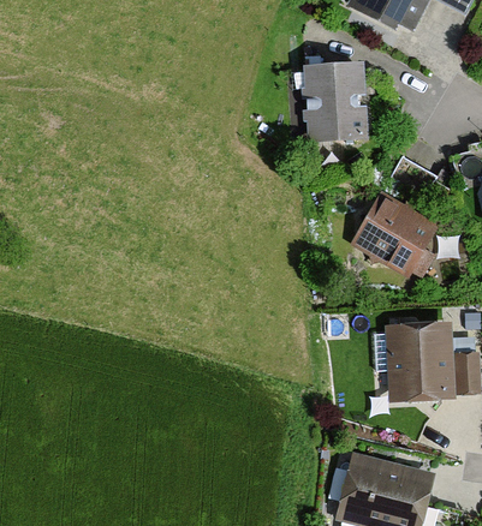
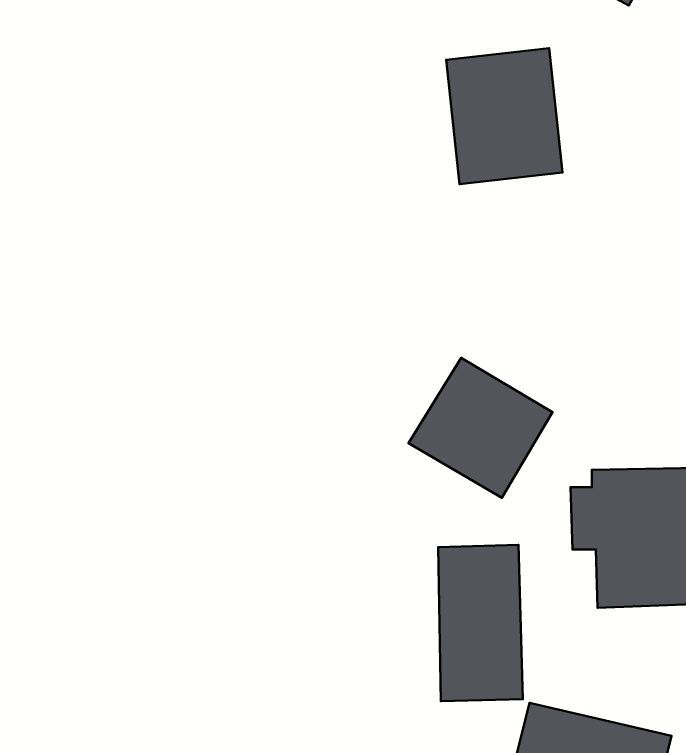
building: [350,190,439,276] -> [409,358,552,498]
building: none -> [438,545,523,701]

